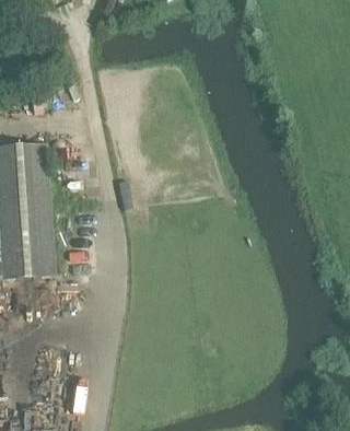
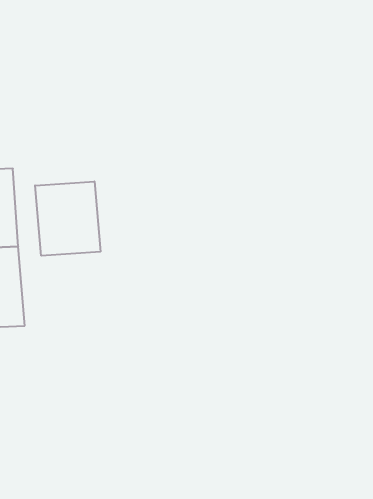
building: none -> [35,181,100,256]

